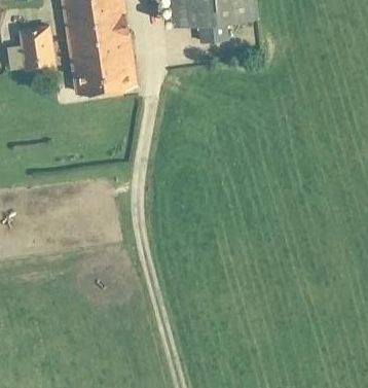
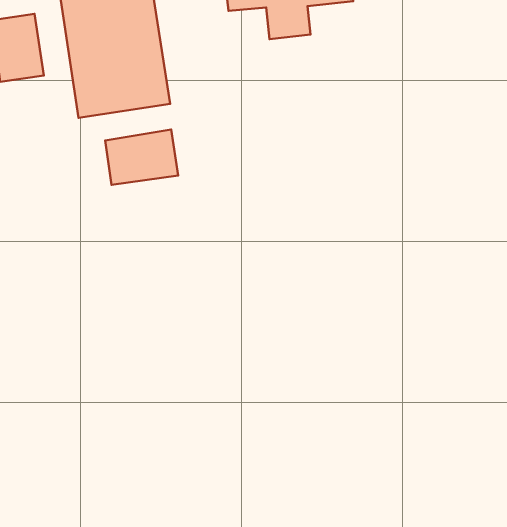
building: none -> [105,130,178,185]

